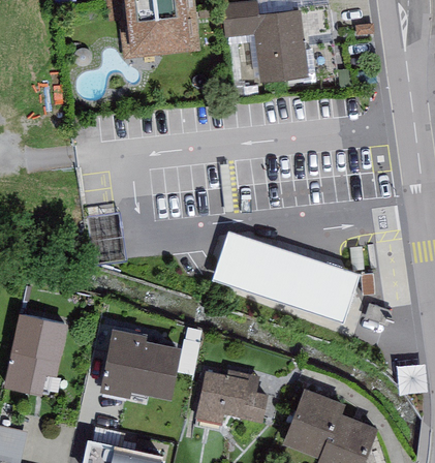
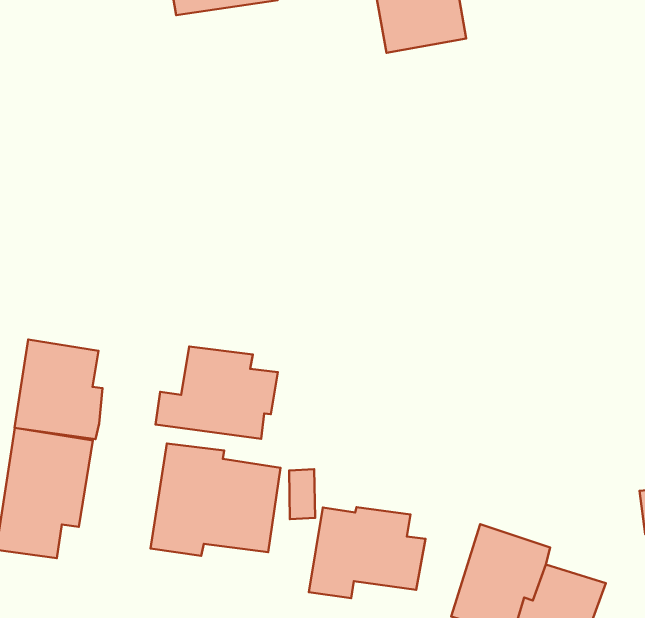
building: [220,236,370,329] -> none
building: none -> [14,340,103,439]
building: none -> [156,346,278,439]

